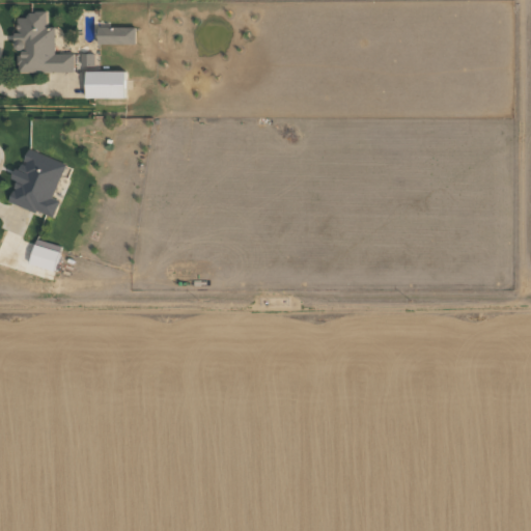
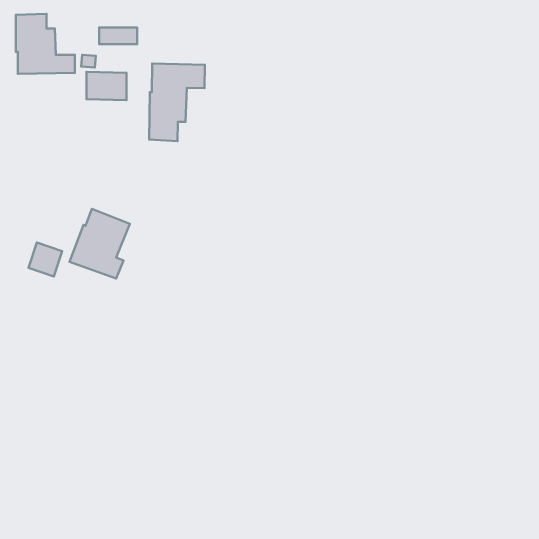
building: none -> [149,64,205,141]
building: [6,149,65,218] -> [70,209,130,279]

